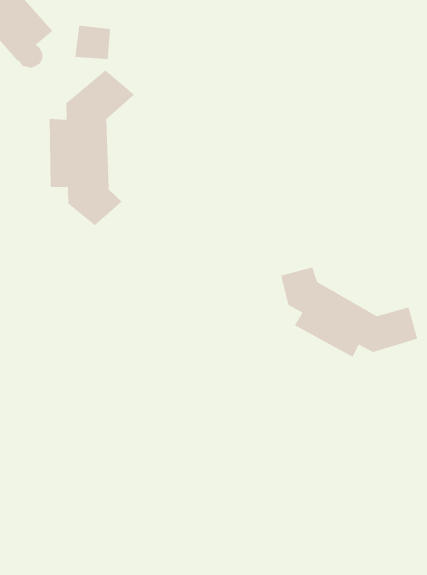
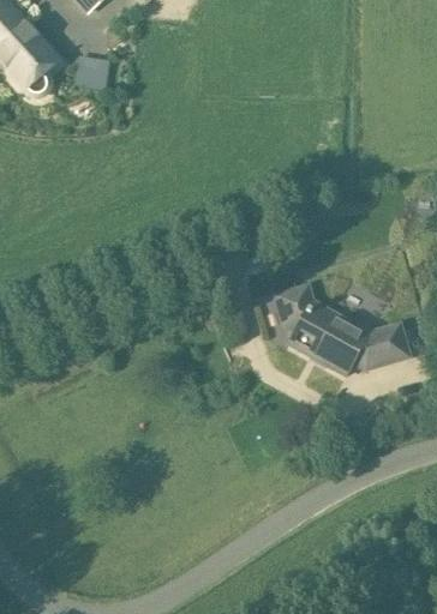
building: [49,70,135,226] -> none

